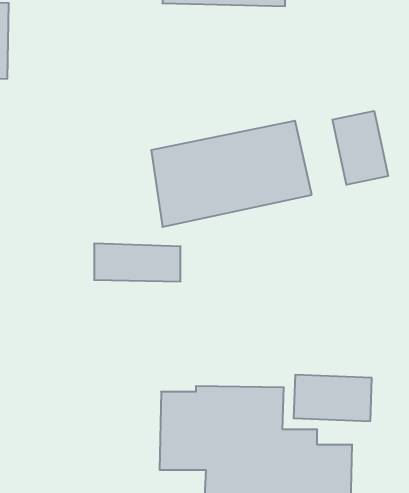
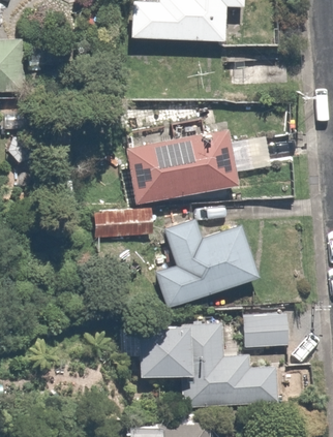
building: [332,111,388,185] -> none
building: none -> [135,219,270,315]

